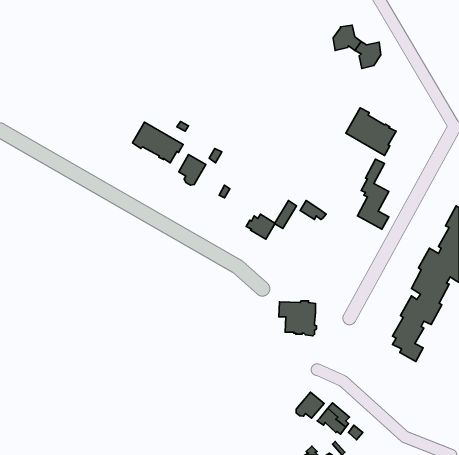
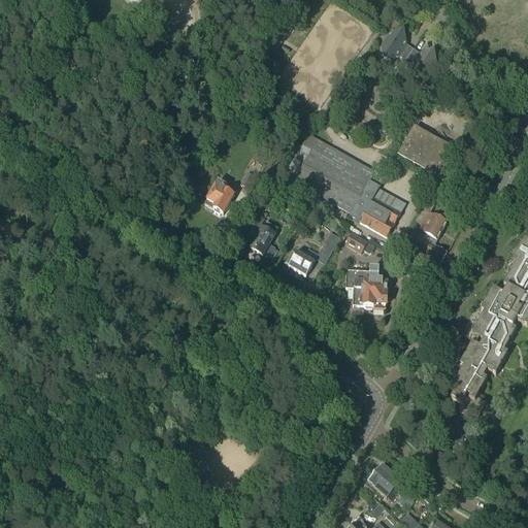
building: none -> [293,132,405,235]
building: [132,122,183,163] -> none
building: none -> [251,219,278,256]
building: [279,301,316,336] -> [344,268,388,308]
building: [296,392,324,418] -> none

